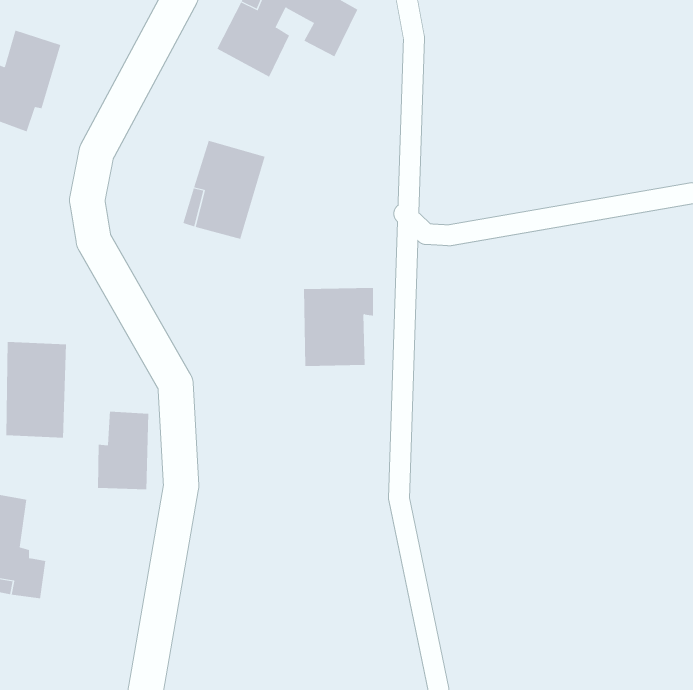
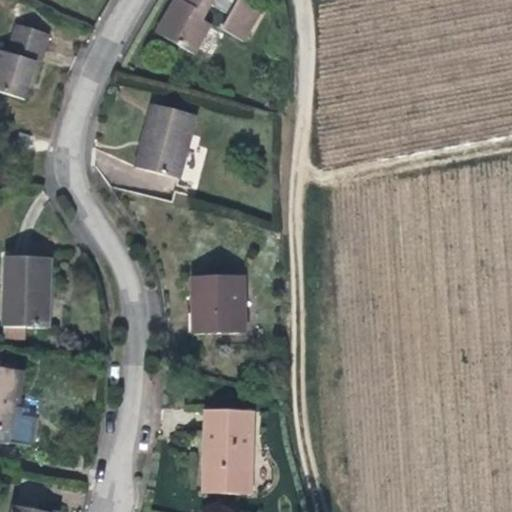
building: [303,288,374,367] -> [189,275,241,333]
building: [98,411,149,490] -> none
building: none -> [205,408,253,494]

